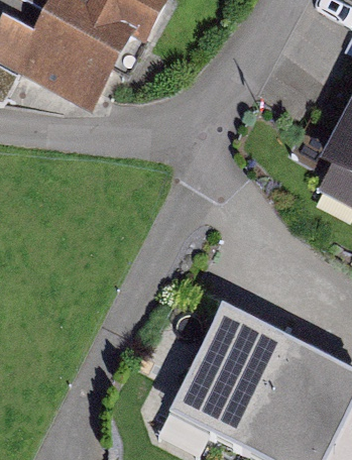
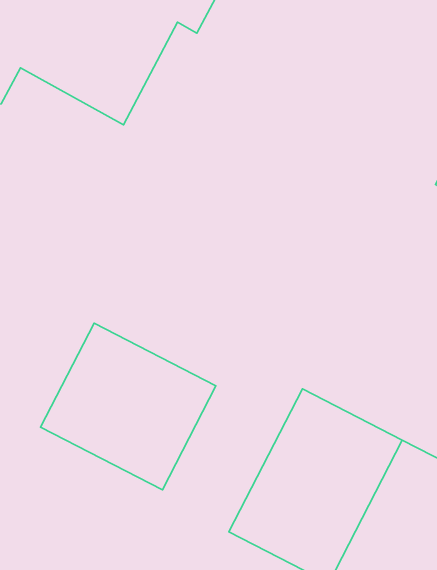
building: none -> [41,323,216,490]

